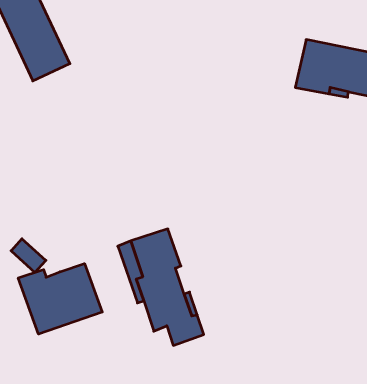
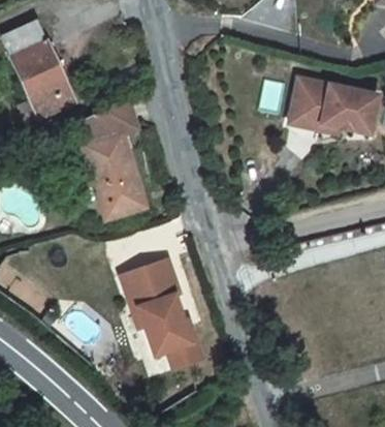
building: none -> [82,97,147,219]
building: [18,264,102,334] -> none

